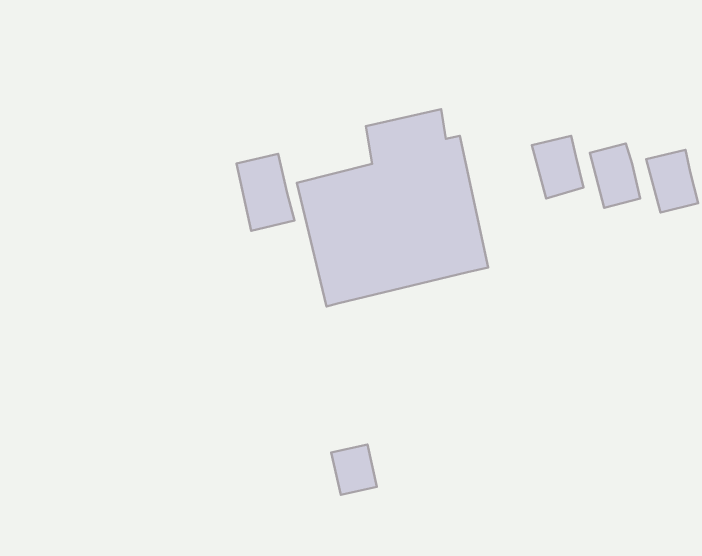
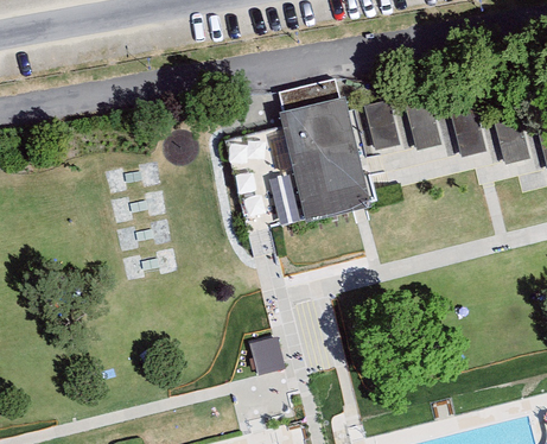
building: none -> [361,99,401,151]
building: [236,154,294,231] -> none

